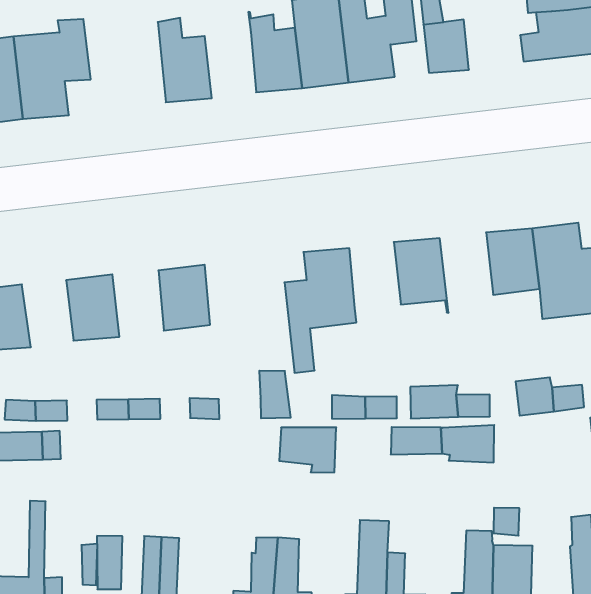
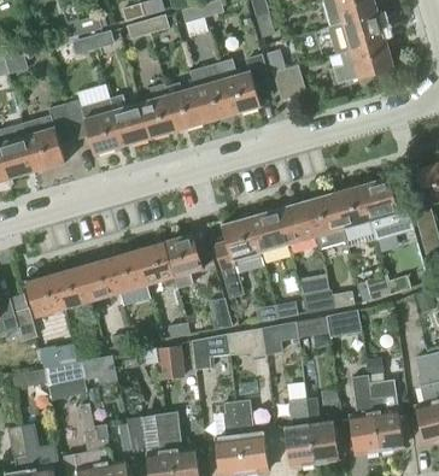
building: none -> [139,83,176,140]
building: none -> [63,99,122,155]
building: none -> [304,193,343,246]
building: none -> [250,208,287,253]
building: none -> [163,234,201,288]
building: none -> [107,251,145,295]
building: none -> [53,266,90,311]
building: none -> [261,322,297,355]
building: none -> [191,334,229,371]
building: none -> [157,346,183,380]

